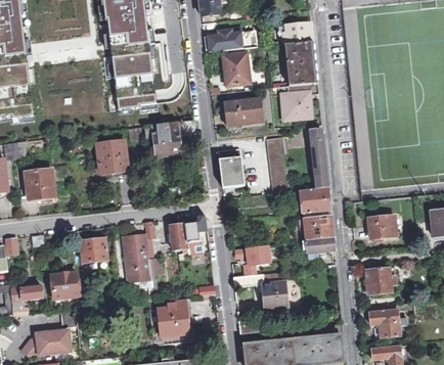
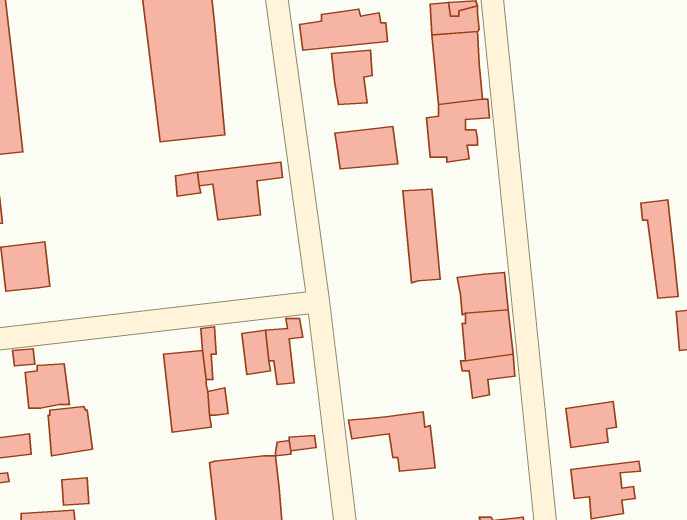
building: [305,129,327,188] -> [641,200,678,298]
building: [96,141,126,172] -> none
building: [218,148,242,187] -> none
building: [367,215,396,238] -> none
building: [80,234,106,261] -> [25,364,69,408]
building: [235,244,270,275] -> none

